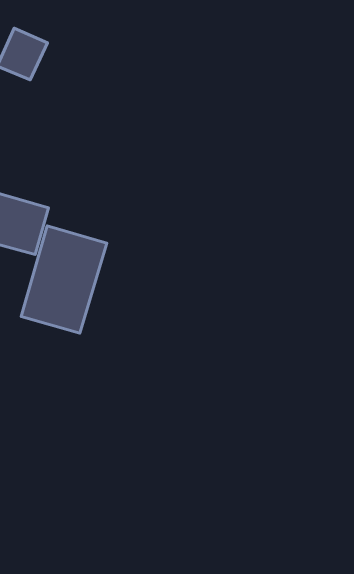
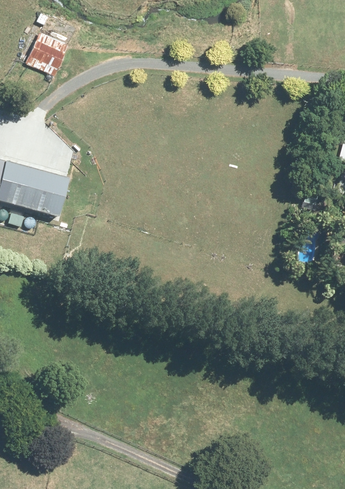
building: [21,226,107,333] -> none

